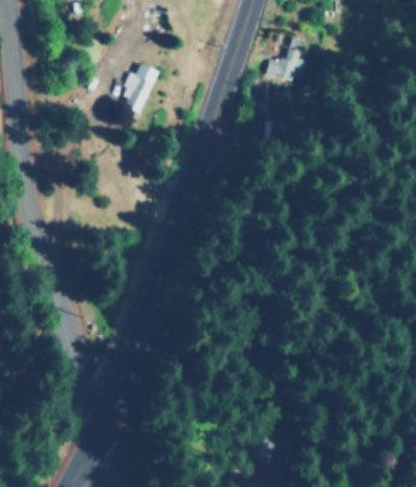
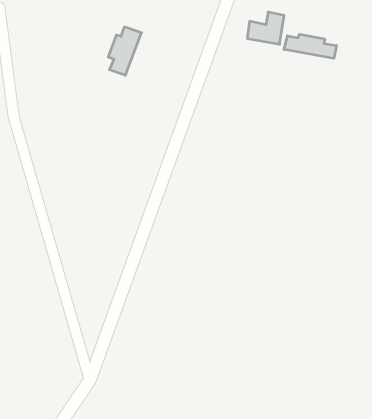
building: none -> [284,34,336,58]

